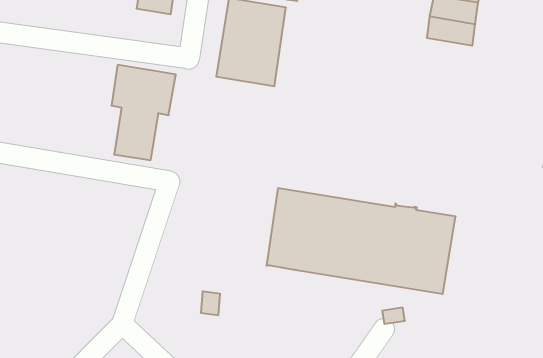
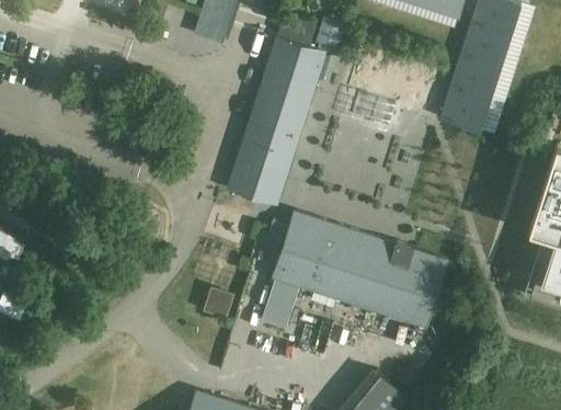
building: none -> [440,99,486,130]
building: [111,65,176,160] -> [240,104,306,193]
building: none -> [262,278,299,328]

